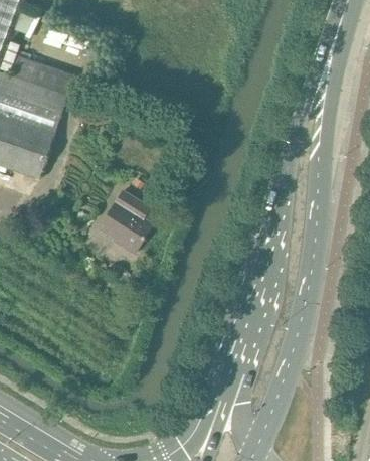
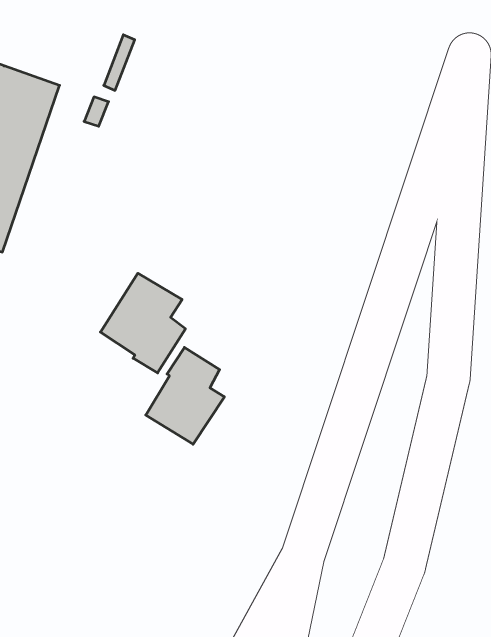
building: none -> [146,347,224,444]

